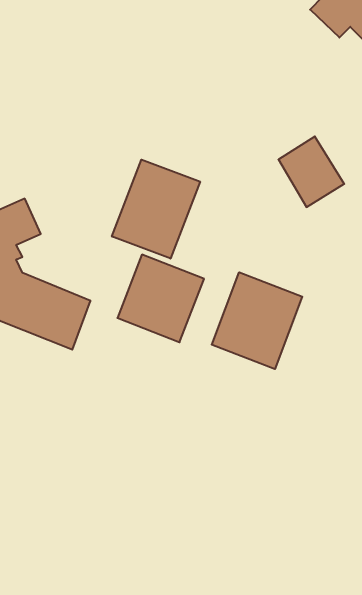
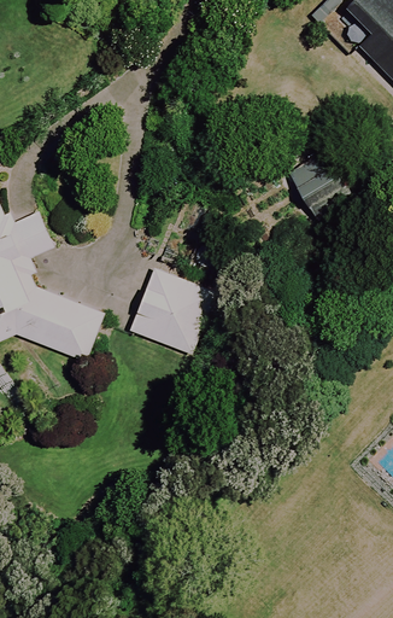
building: [112,160,200,259] -> none
building: [212,272,302,369] -> none

